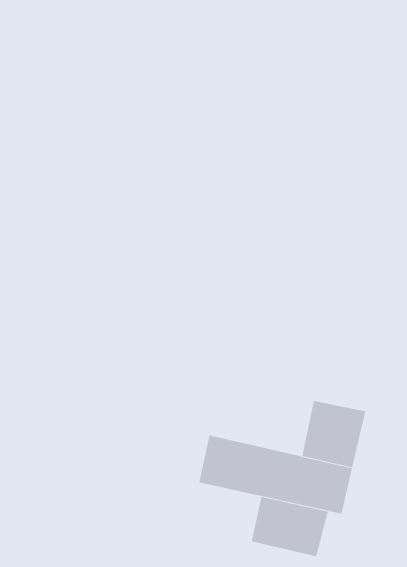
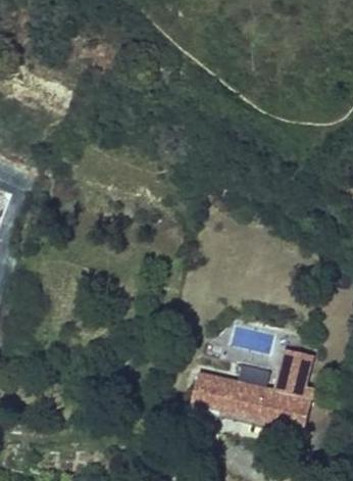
building: [251,496,329,557] -> none

